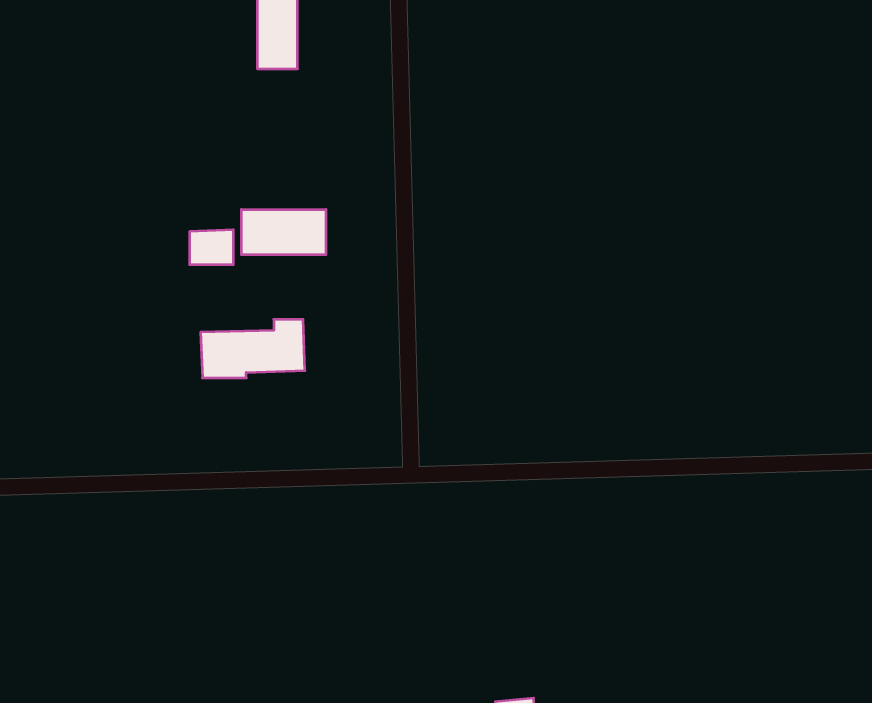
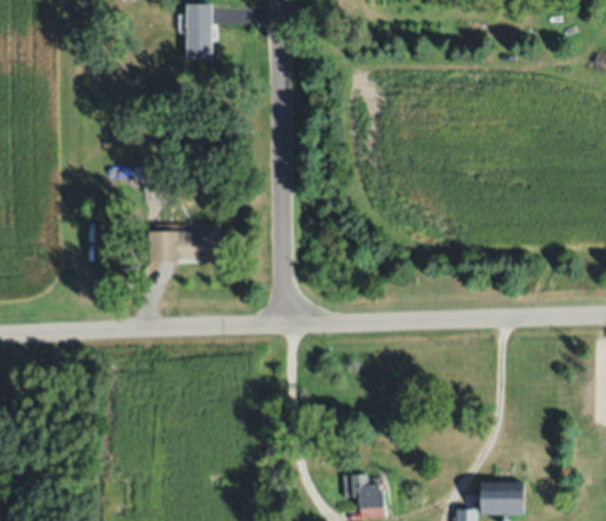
building: [241,209,326,255] -> none

